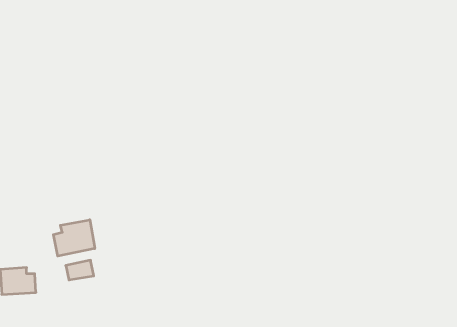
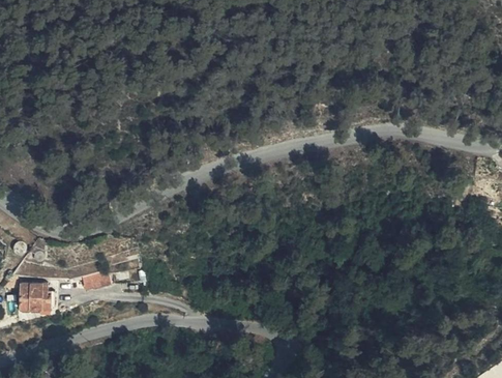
building: [53,220,95,256] -> none

